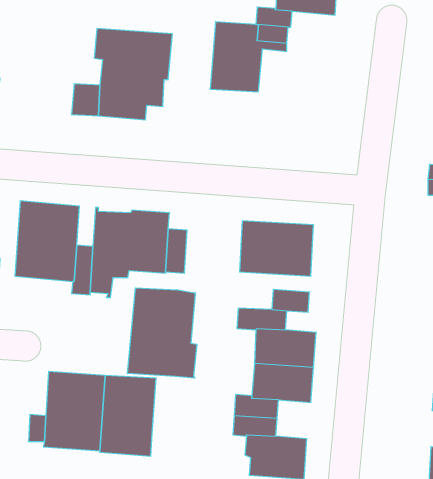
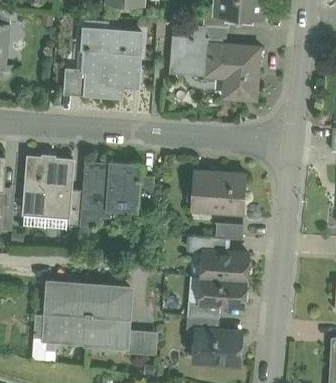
building: none -> [205,43,259,99]
building: [128,288,197,378] -> none
building: none -> [125,329,157,356]

